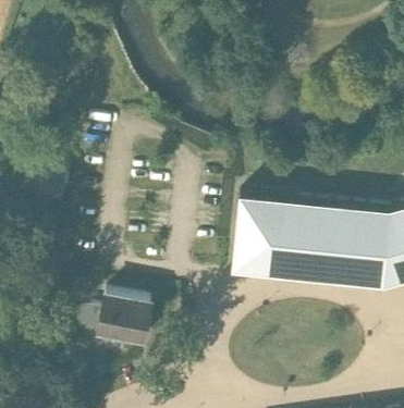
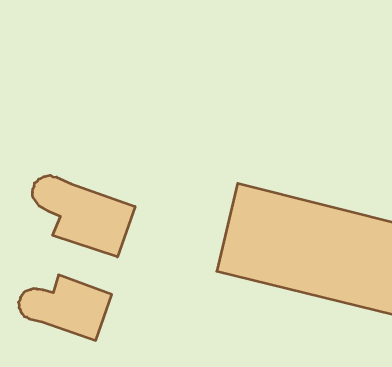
building: none -> [32,175,135,257]

